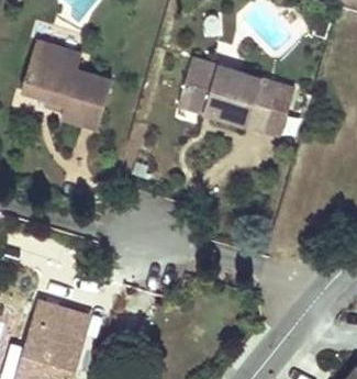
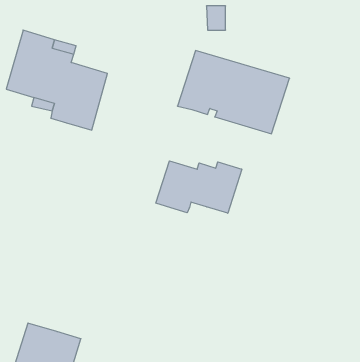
building: none -> [156,161,242,213]

